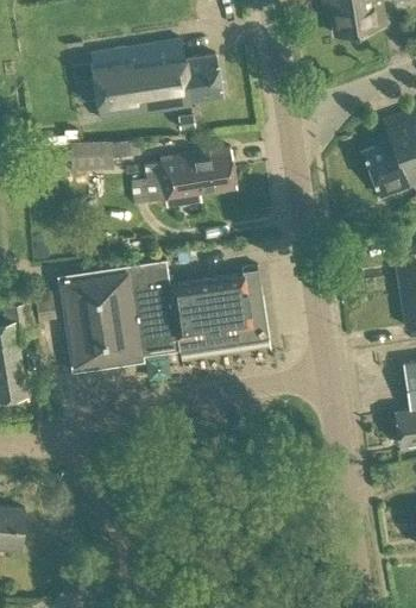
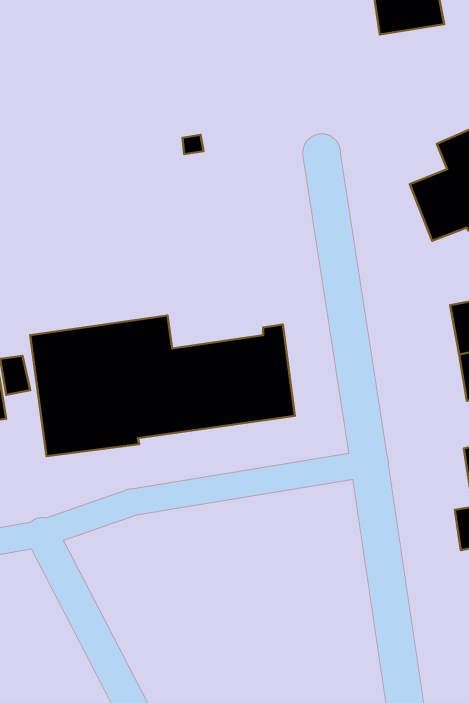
building: [90,39,223,123] -> none
building: [71,139,143,170] -> none
building: [144,148,235,208] -> none

